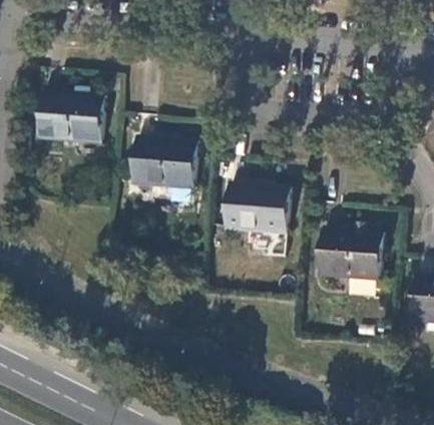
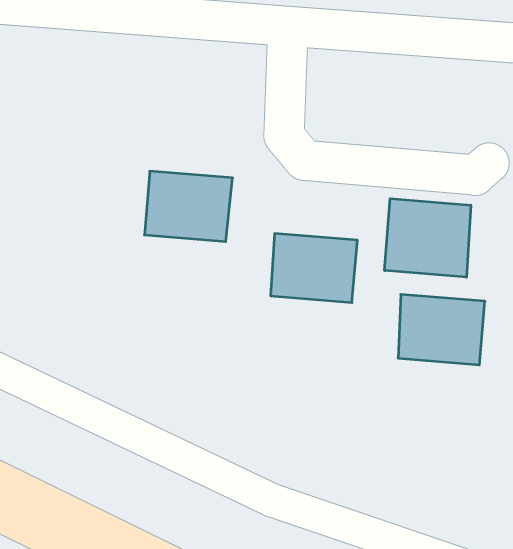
building: [37,89,102,140] -> none
building: none -> [385,199,471,277]

